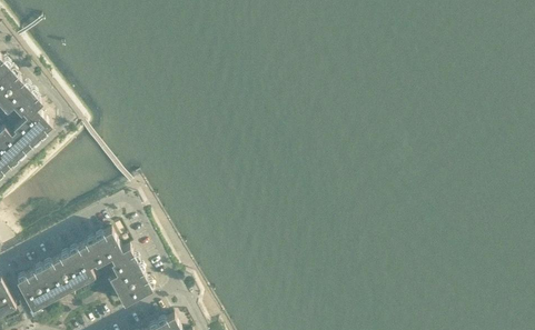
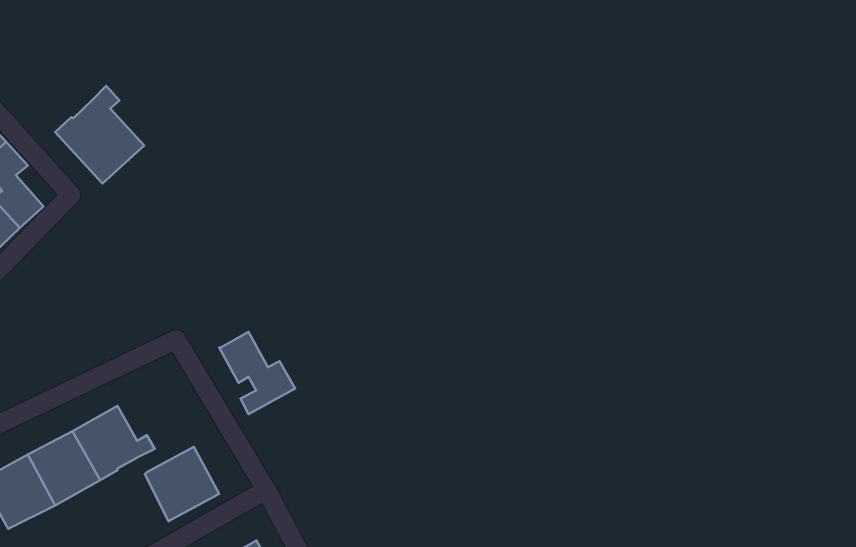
building: none -> [55,86,144,184]
building: [92,232,136,279] -> [219,332,295,414]

